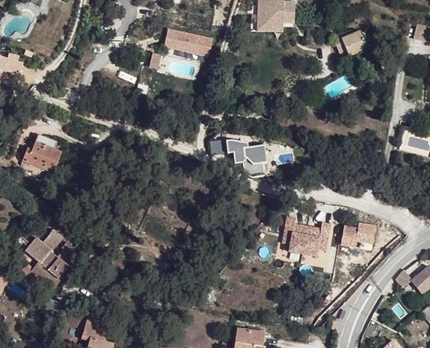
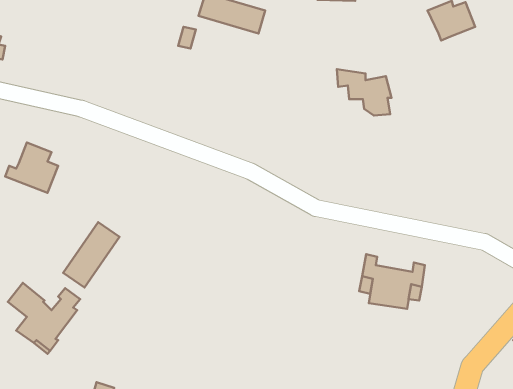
building: [225,141,265,175] -> [337,69,391,116]
building: none -> [63,222,120,288]
building: [340,222,377,250] -> none

